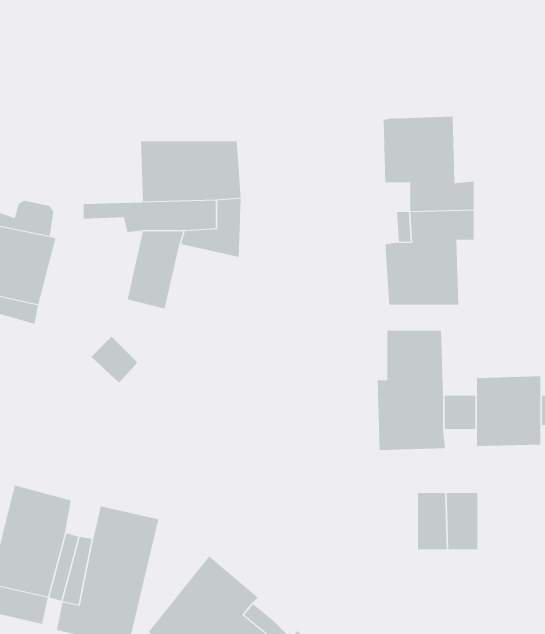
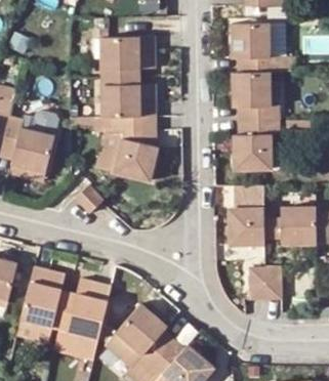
building: none -> [231,19,279,70]
building: none -> [99,35,155,67]
building: none -> [115,137,159,181]

